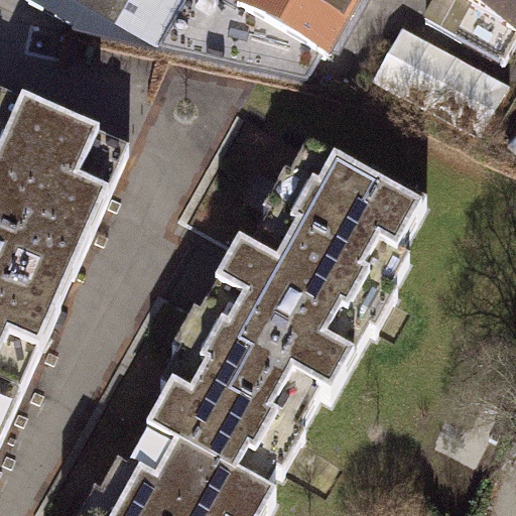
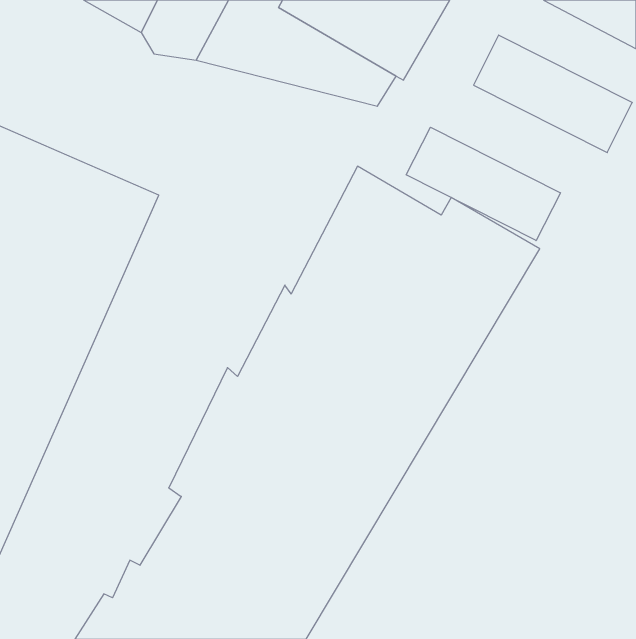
building: none -> [406,127,560,241]

